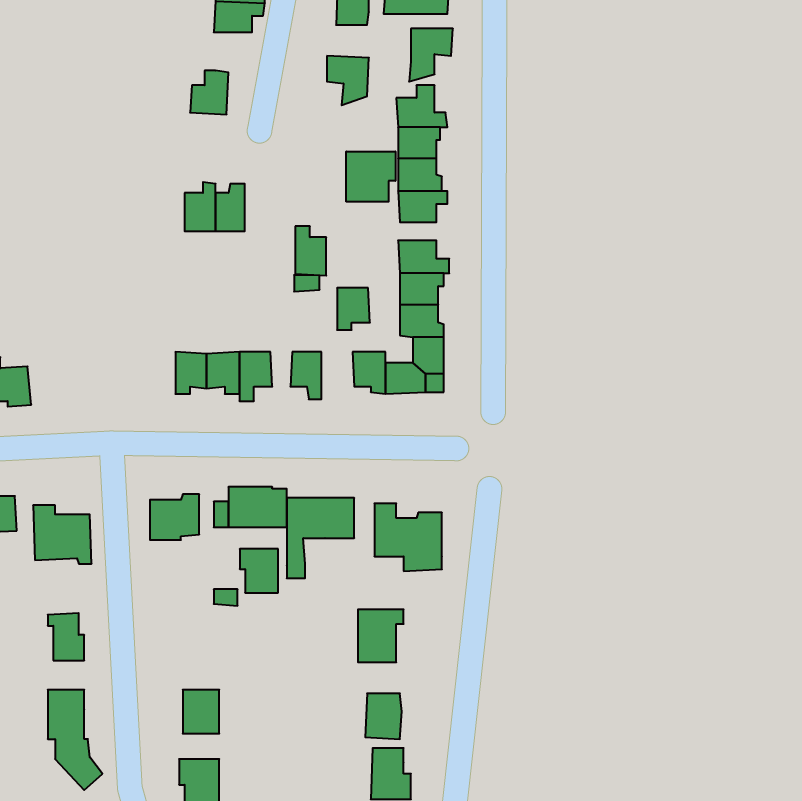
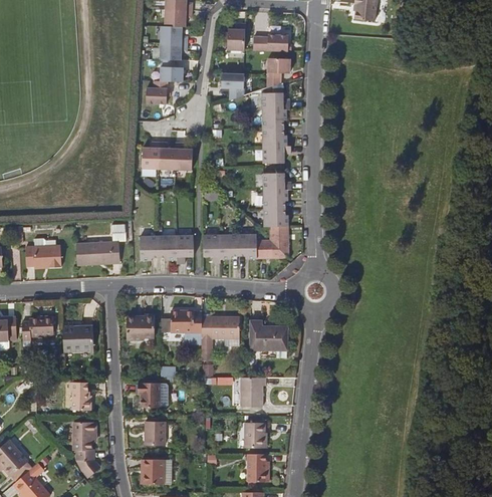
building: none -> [162,60,185,82]
building: [346,151,395,202] -> none
building: [295,226,326,276] -> [178,144,195,171]
building: [337,288,370,330] -> [220,236,238,259]
building: none -> [75,226,127,264]
building: [240,549,278,593] -> [138,383,159,407]

